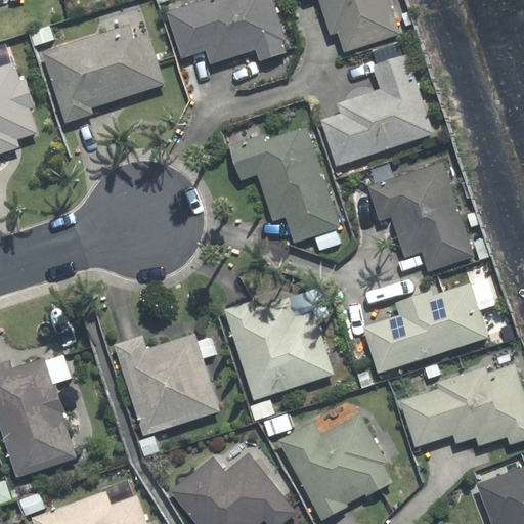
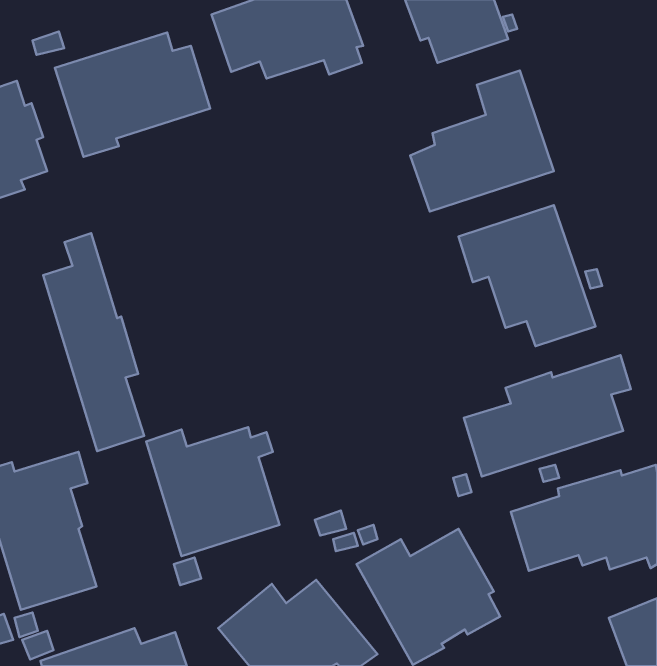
building: [229,128,339,247] -> none
building: none -> [43,233,144,451]
building: [226,299,334,399] -> none

